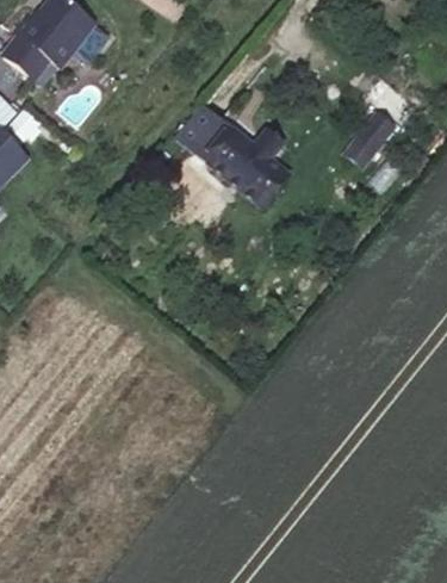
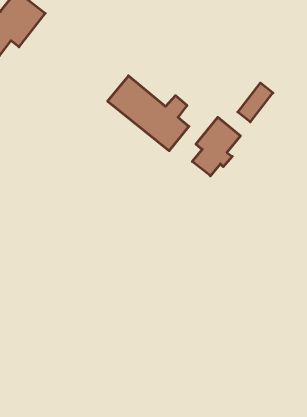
building: none -> [192,117,240,176]

